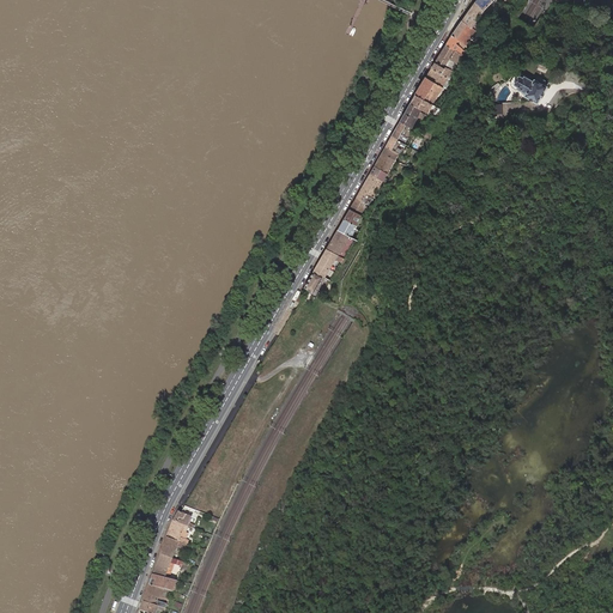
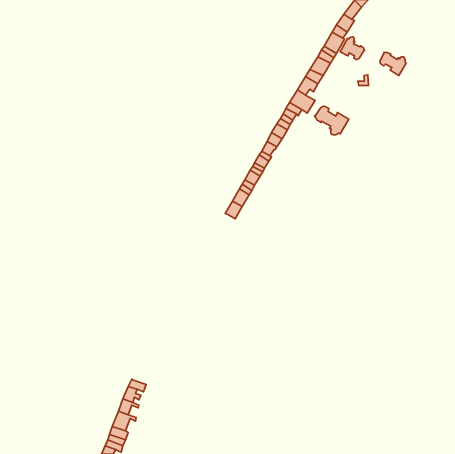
building: none -> [340,37,365,60]
building: none -> [315,106,349,135]

